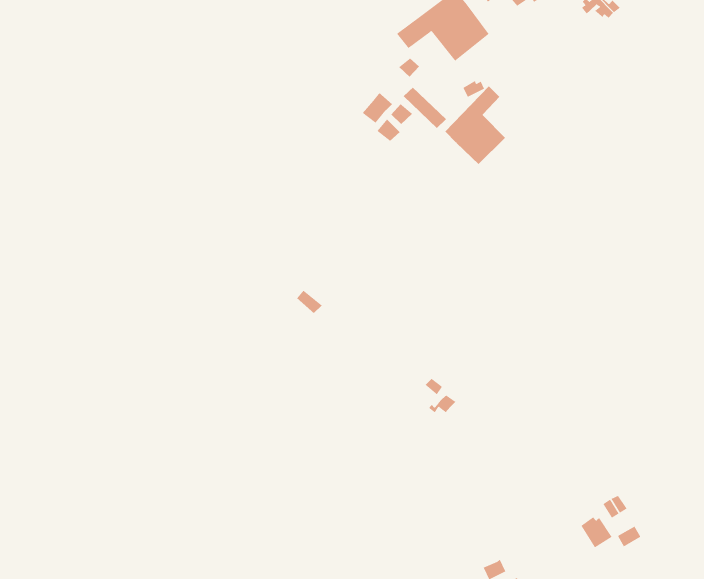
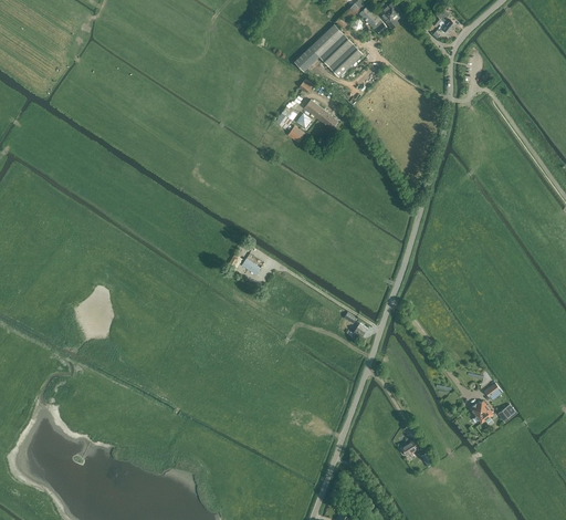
building: [445,85,506,165] -> none

